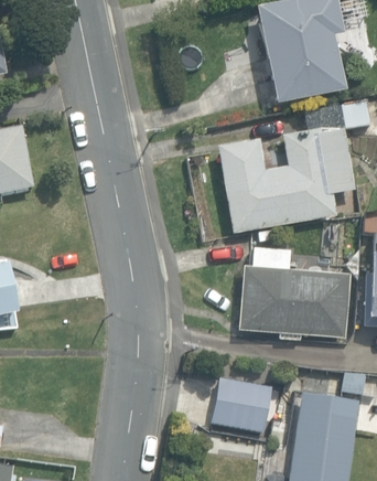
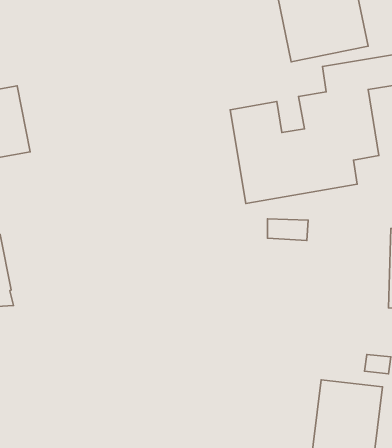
building: [238,266,352,339] -> none
building: [209,373,272,434] -> none

